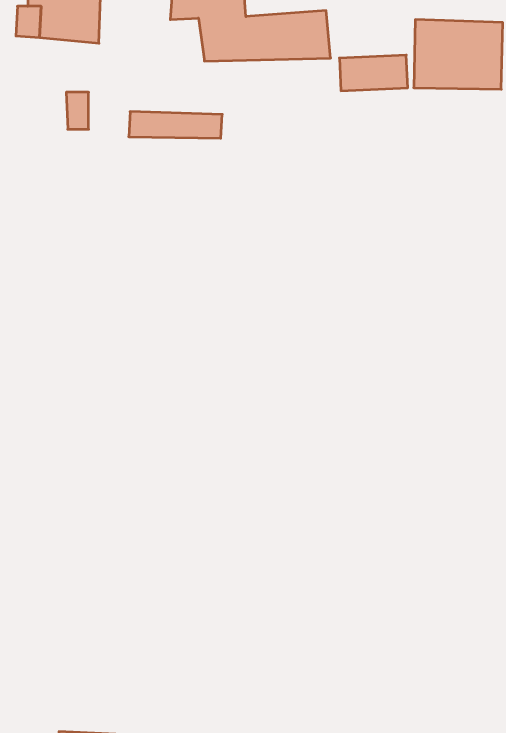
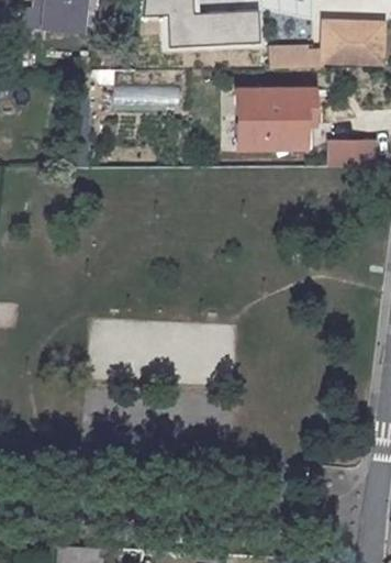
building: none -> [228,88,304,146]
building: none -> [324,136,376,169]

